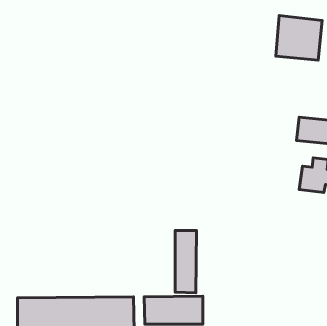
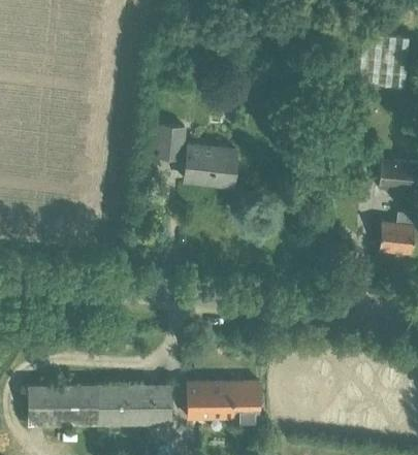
building: none -> [156,125,186,160]
building: none -> [186,145,236,186]
building: [175,230,197,293] -> none

